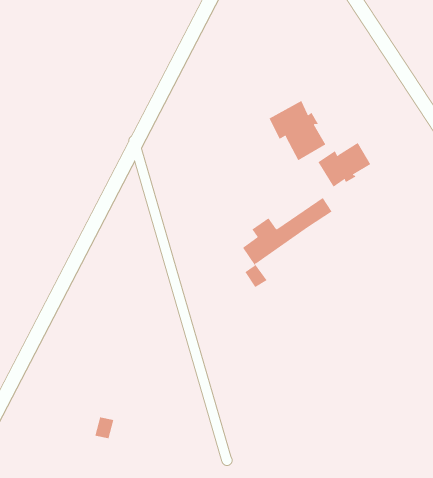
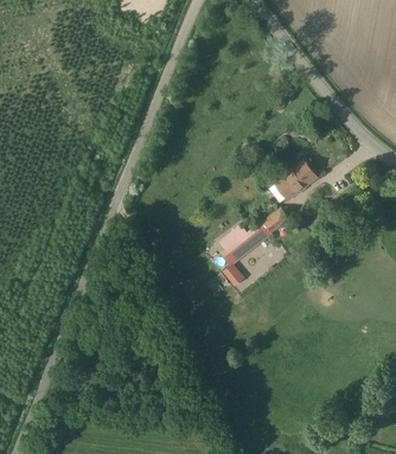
building: [269,100,326,161] -> none

